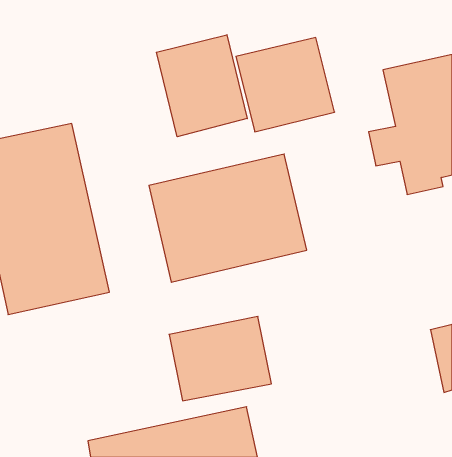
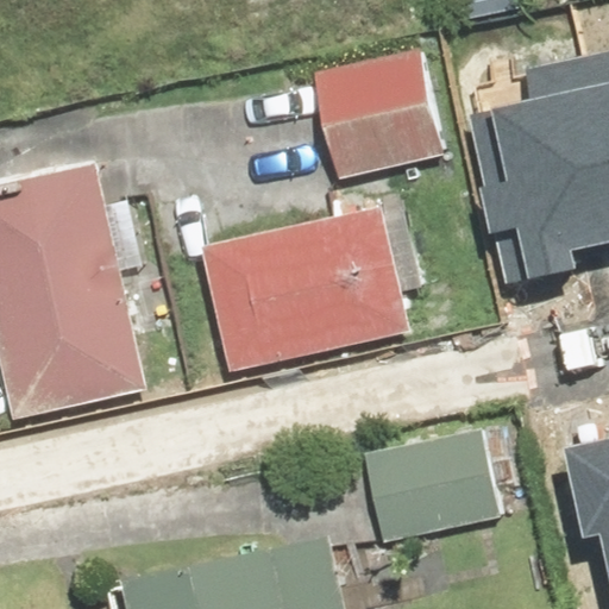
building: [156,35,247,137] -> none
building: [169,316,271,401] -> [362,432,497,544]

